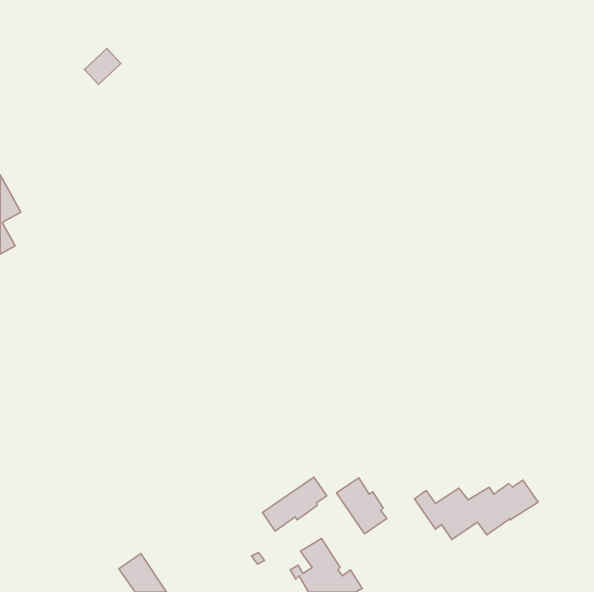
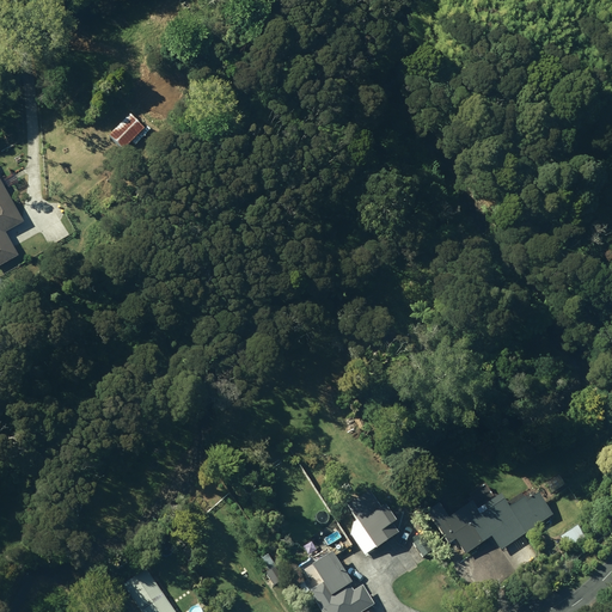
building: [85,48,121,85] -> [108,111,145,148]
building: [262,477,327,531] -> none

